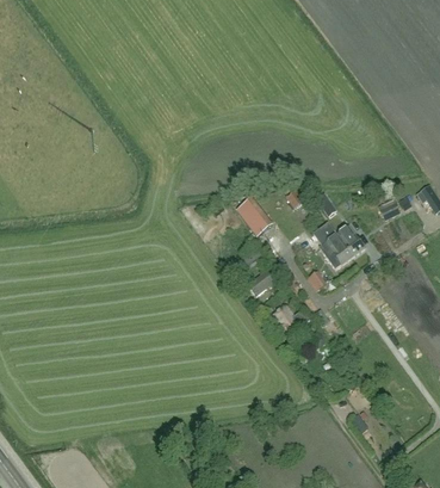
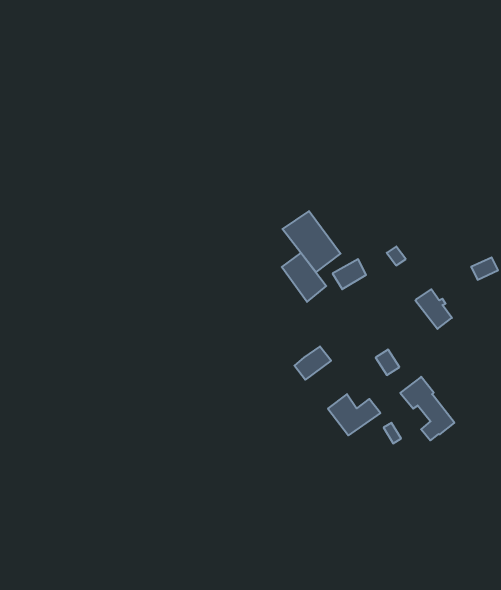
building: none -> [282,211,341,272]
building: [314,222,354,270] -> [400,377,454,440]

